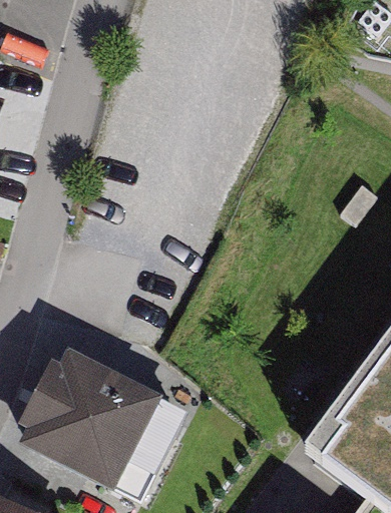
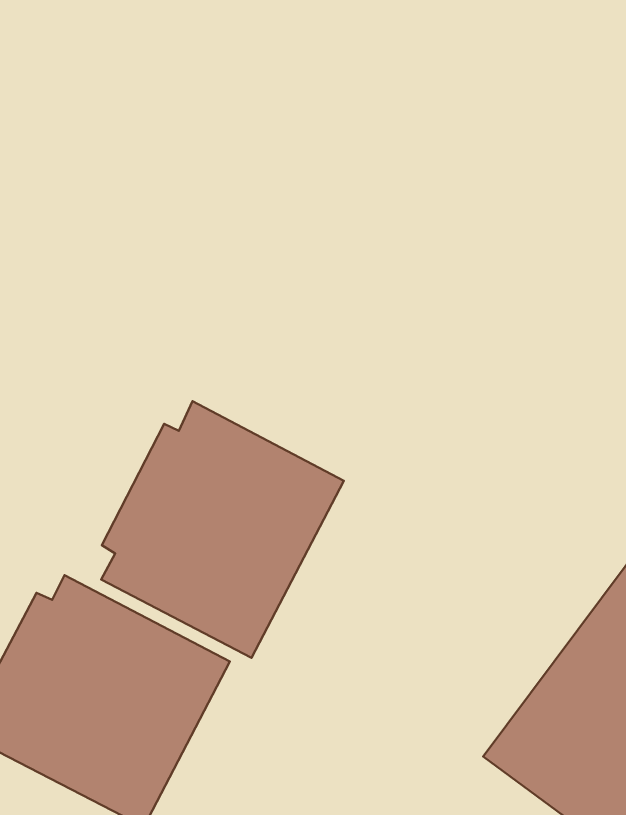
building: none -> [101,401,344,658]

